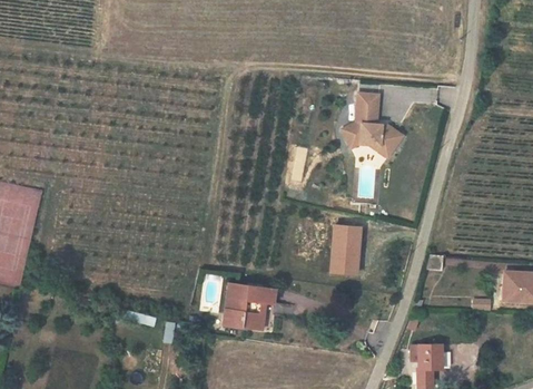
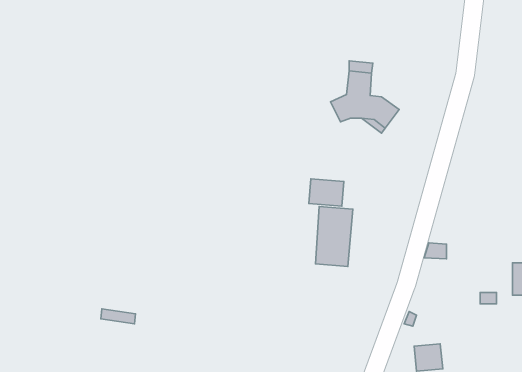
building: none -> [309,179,344,206]
building: [225,284,277,330] -> none

